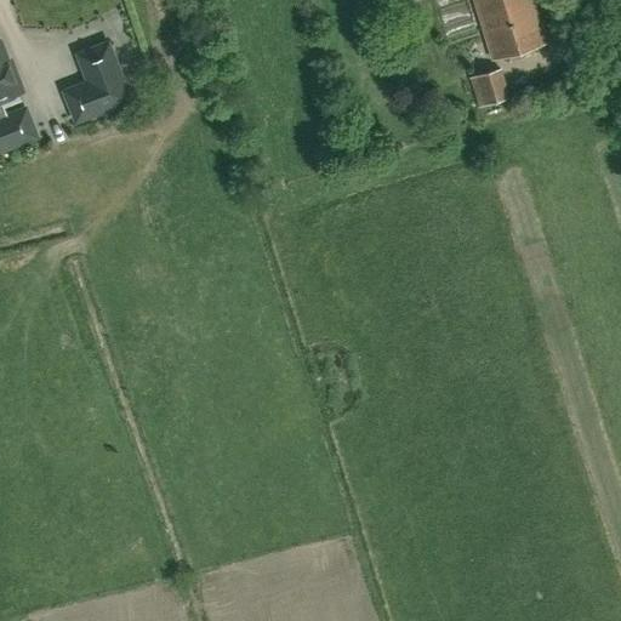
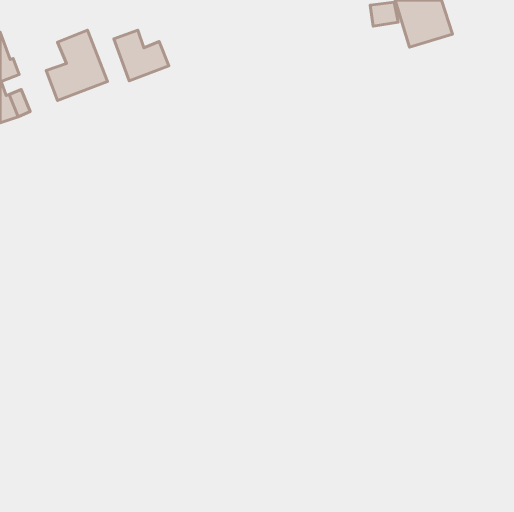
building: none -> [114,30,169,81]
building: [471,72,509,108] -> none

